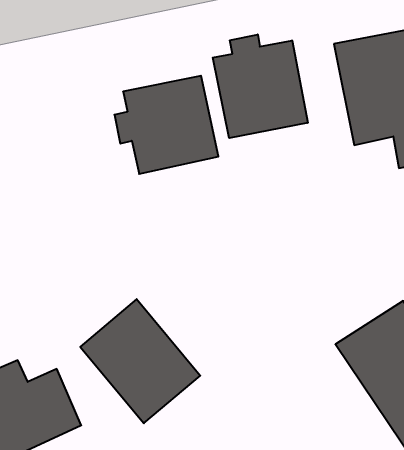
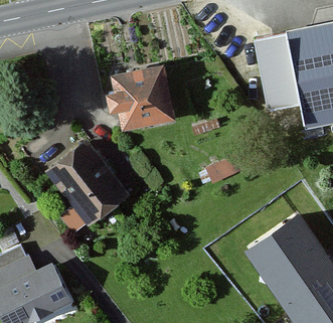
building: [213,34,308,138] -> none
building: [80,299,200,423] -> [41,138,125,224]

